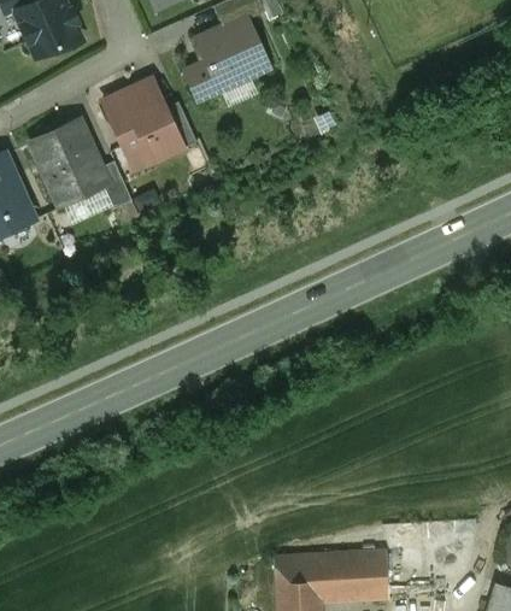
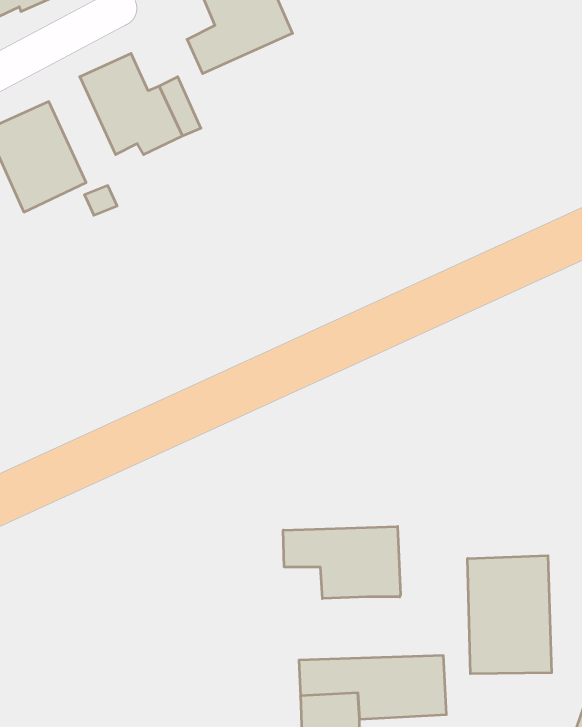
building: none -> [283,526,400,599]
building: none -> [468,556,552,674]

